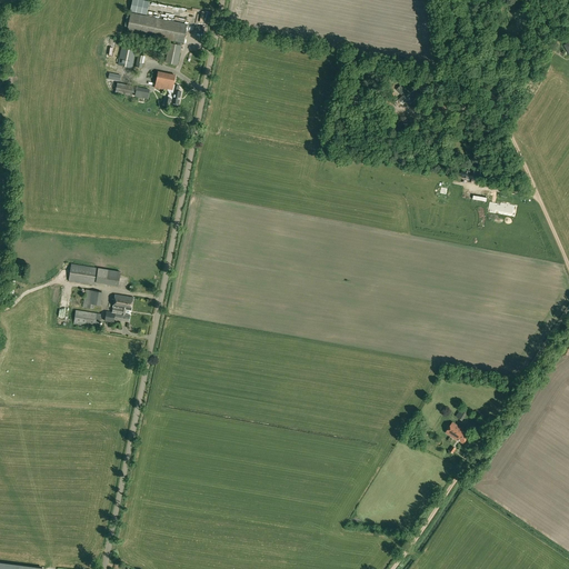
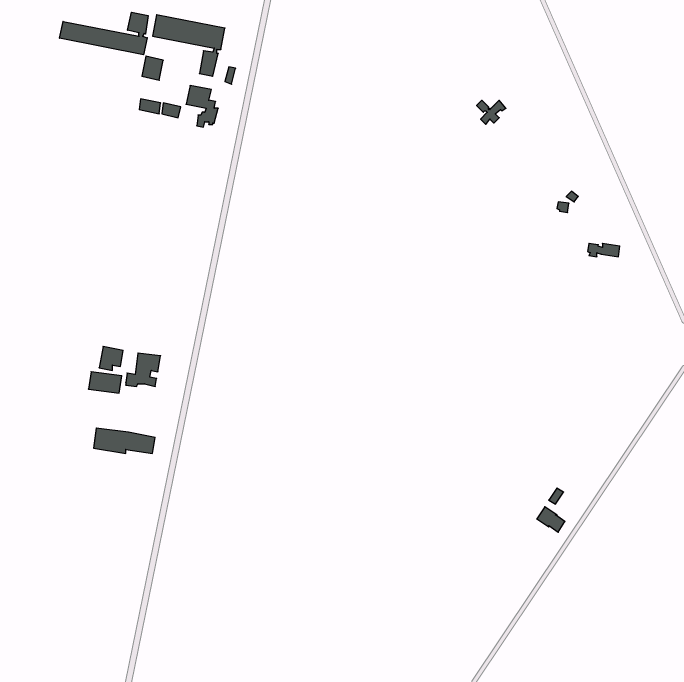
building: none -> [60,12,148,55]
building: [69,263,120,284] -> [94,428,155,453]

